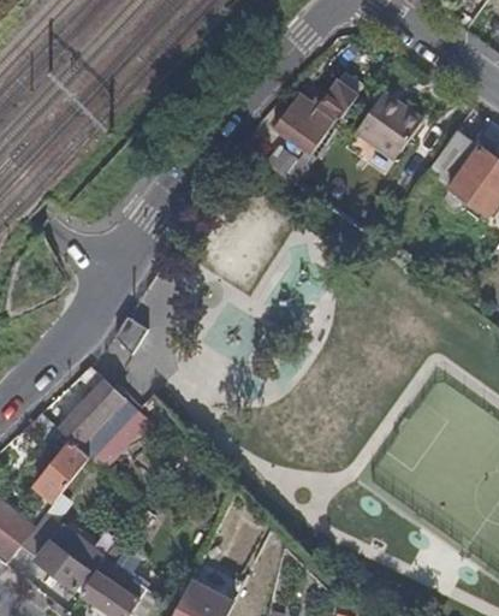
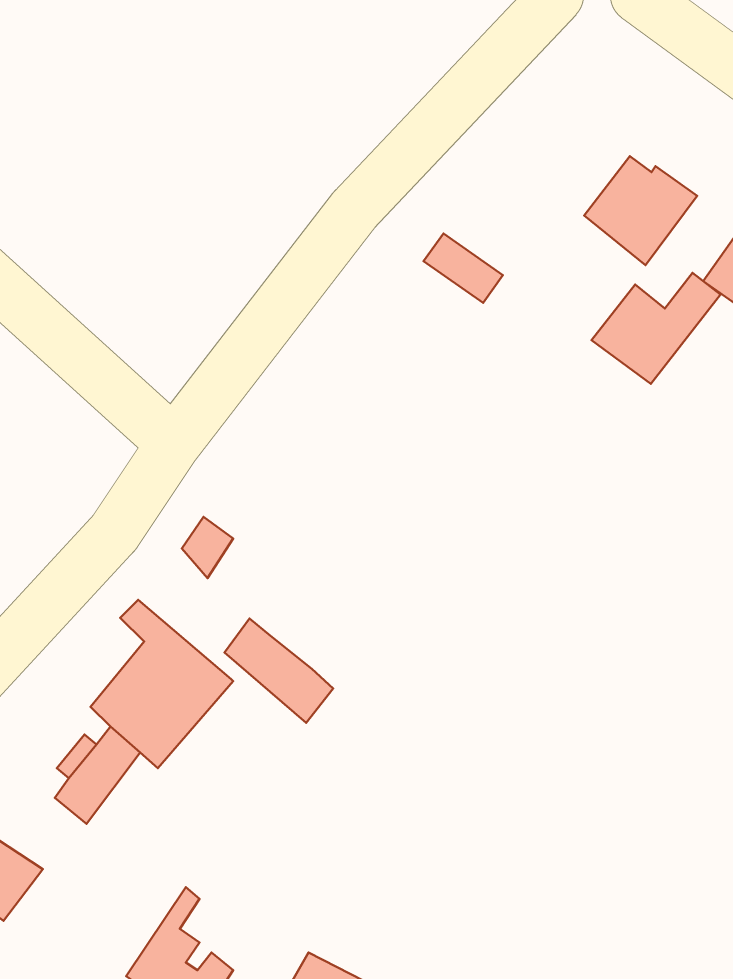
building: [272,87,350,154] -> [592,273,720,384]
building: none -> [224,618,333,723]
building: [19,516,100,590] -> none

